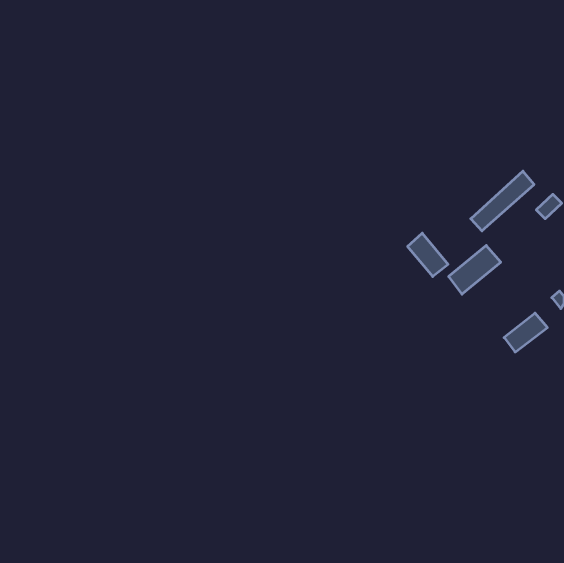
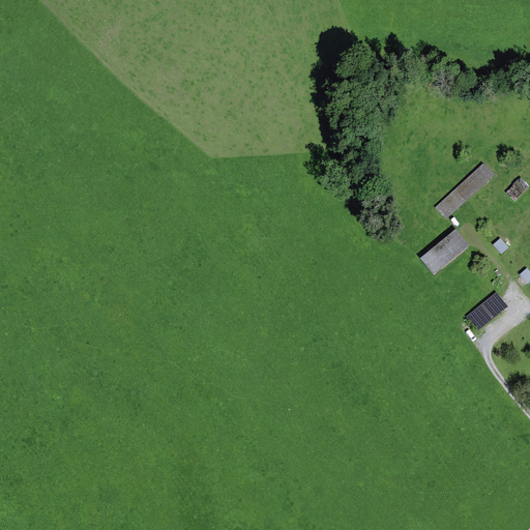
building: [408,233,448,277] -> none

